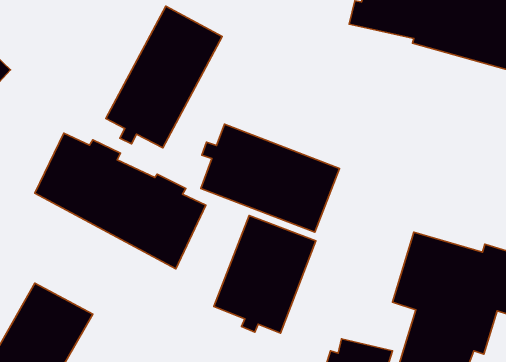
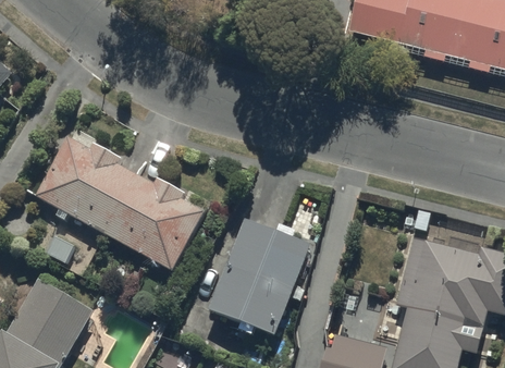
building: [106,6,222,148] -> none
building: [201,124,339,232] -> none

